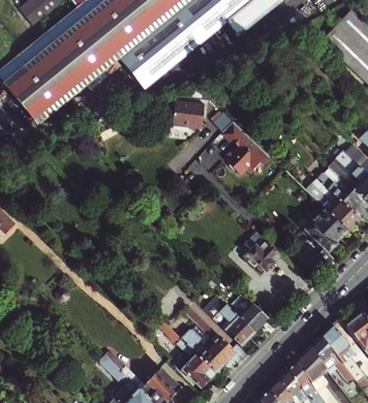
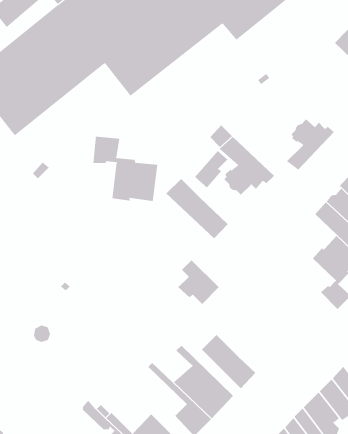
building: [174,100,206,131] -> none
building: none -> [286,119,335,171]
building: none -> [93,136,158,202]
building: none -> [166,178,229,239]
building: [245,230,282,271] -> [178,259,220,305]
building: [240,303,268,331] -> none

